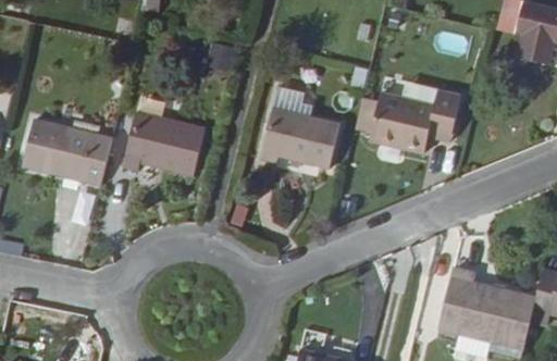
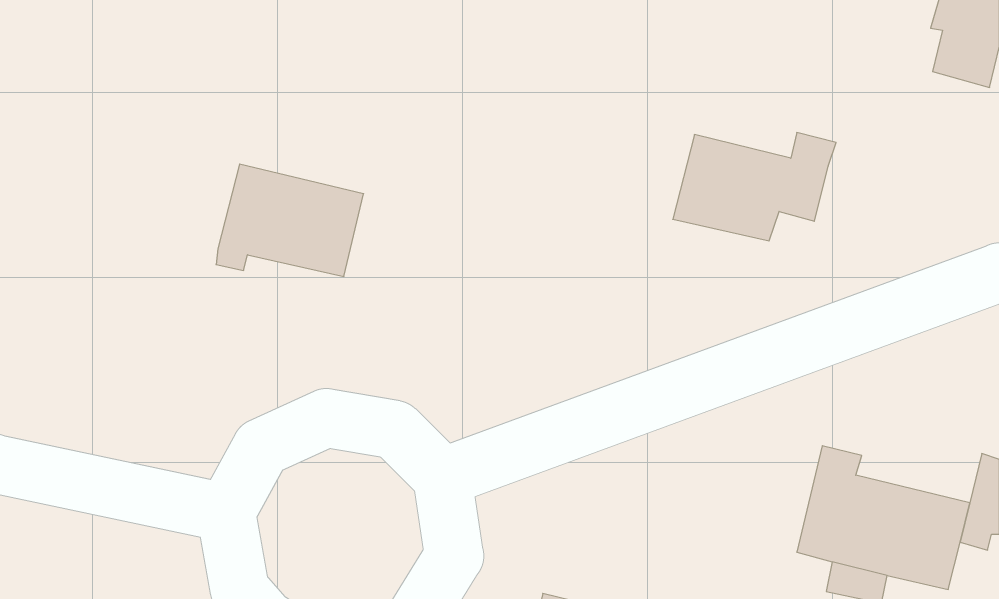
building: [261,107,342,167] -> none
building: [22,122,112,184] -> none

